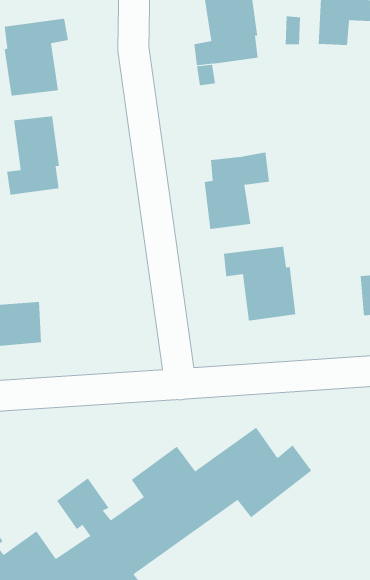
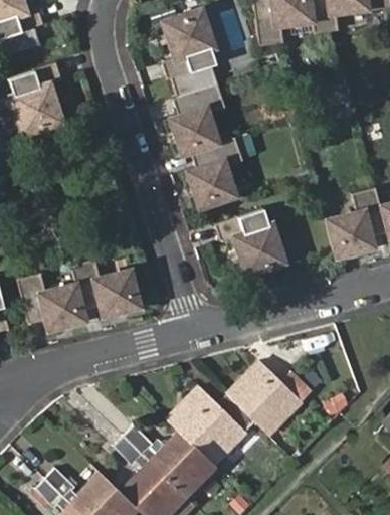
building: none -> [171,84,225,154]
building: [7,116,59,196] -> none
building: none -> [70,262,137,316]

